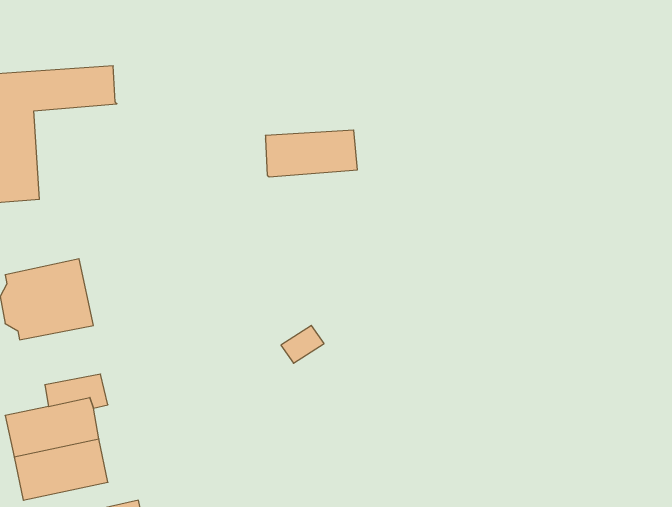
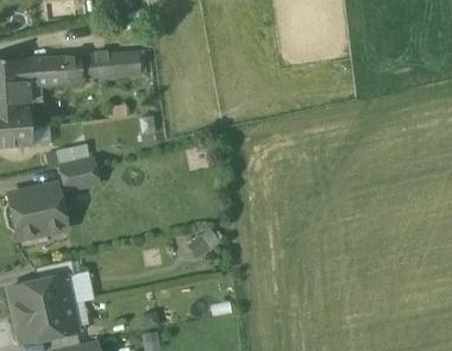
building: [265,130,357,177] -> [81,50,142,81]
building: none -> [62,158,99,189]

